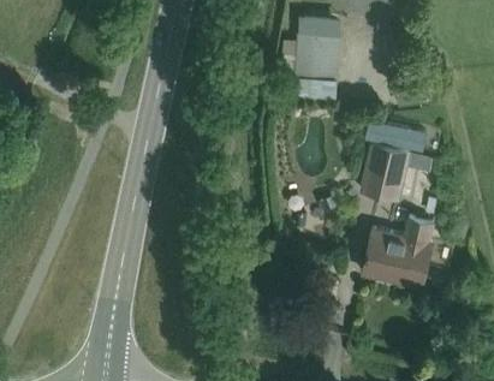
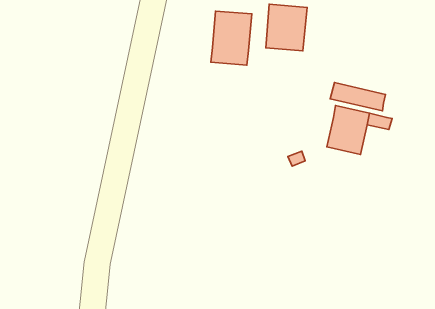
building: none -> [211,11,252,65]
building: [363,216,433,287] -> none

